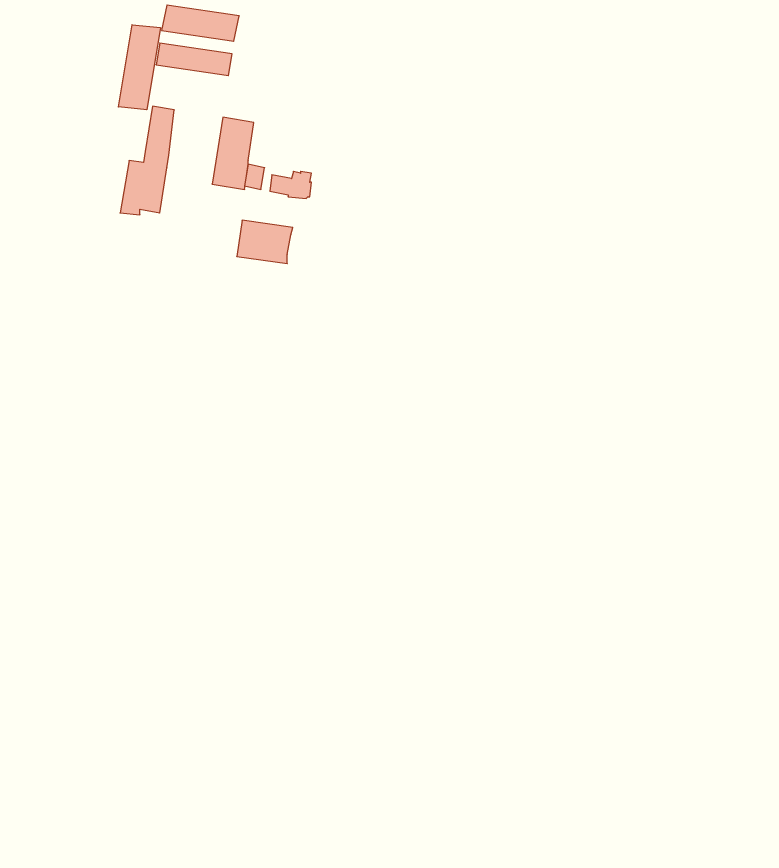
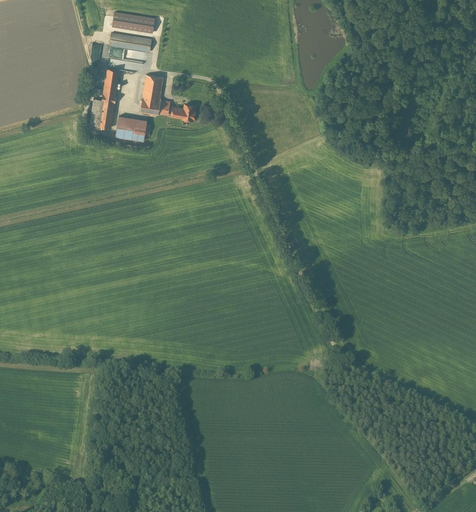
building: [118,25,160,110] -> none
building: [237,220,293,264] -> [115,116,146,140]

